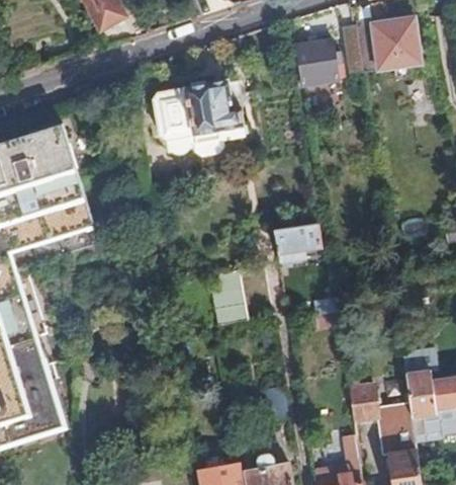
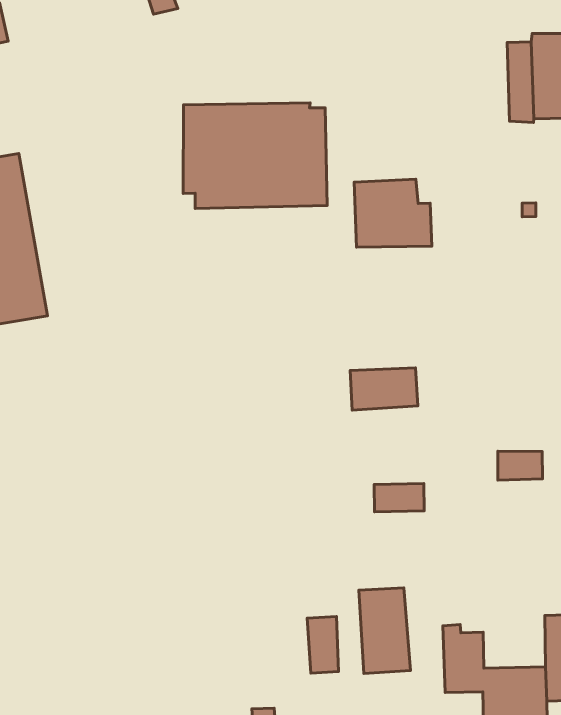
building: [295,39,346,84] -> [354,179,432,247]
building: [209,272,246,324] -> none
building: none -> [359,588,411,674]

